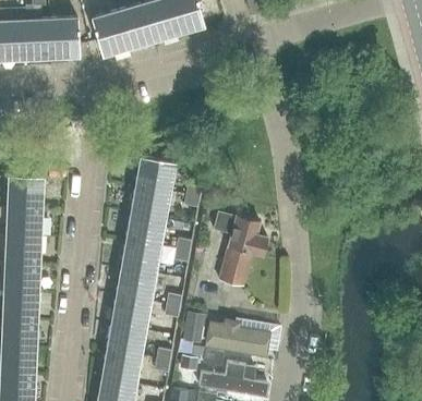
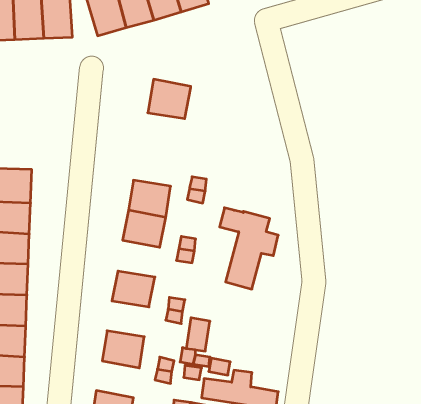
building: [135,157,174,193] -> [148,79,191,119]
building: [121,242,159,276] -> none
building: [111,297,149,330] -> none
building: [206,320,268,353] -> none
building: [101,352,141,386] -> none

